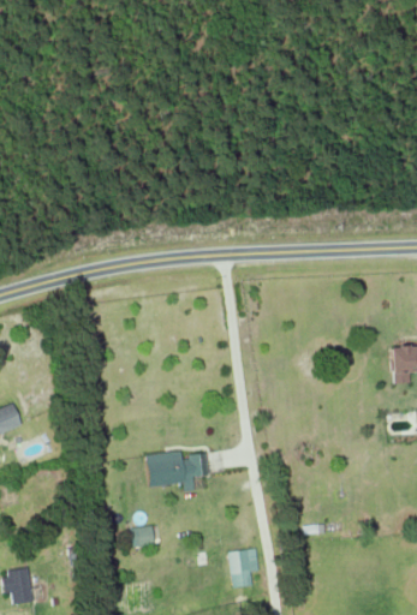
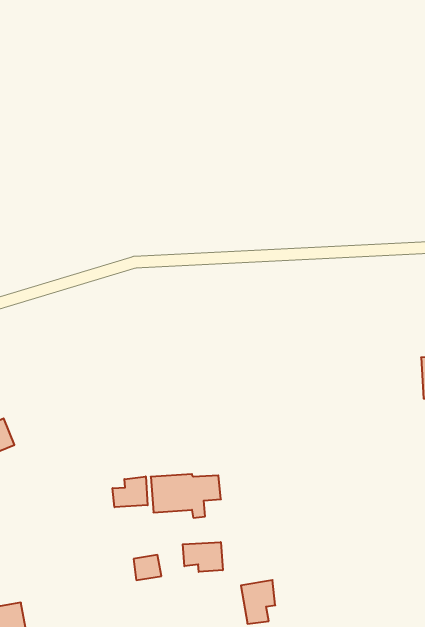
building: none -> [113,476,148,507]
building: none -> [183,542,223,572]

